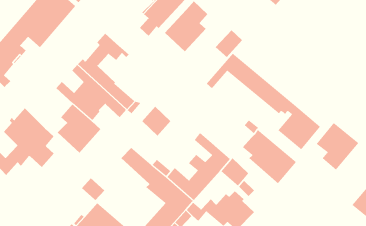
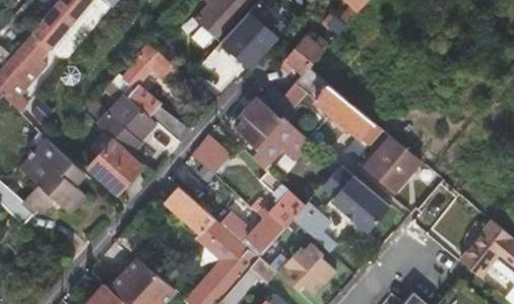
building: none -> [237,98,309,169]
building: [316,122,359,170] -> none

